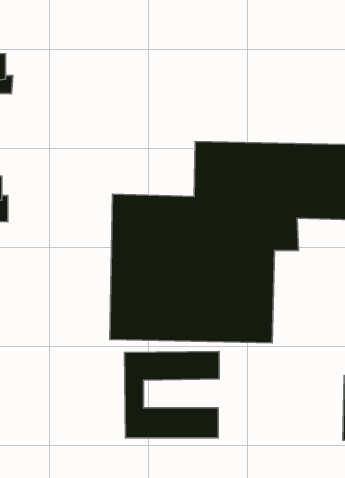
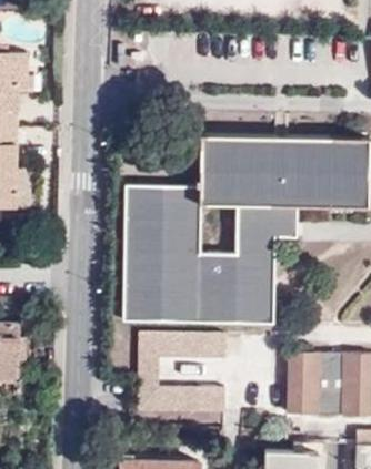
building: none -> [284,351,319,411]

